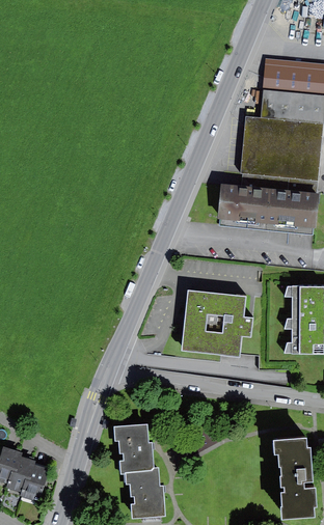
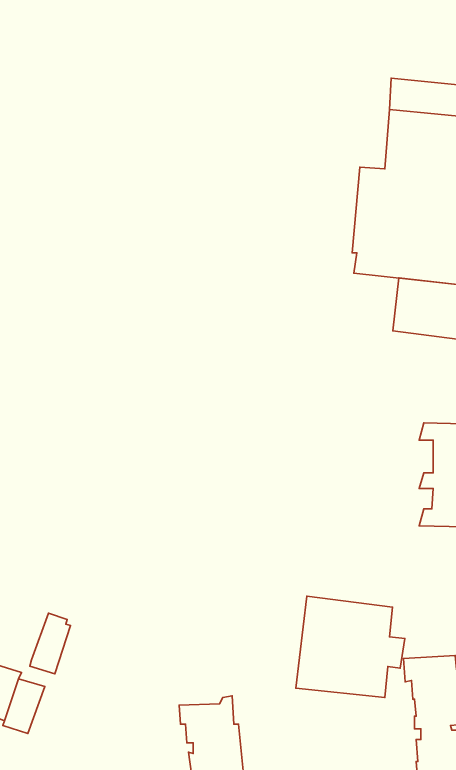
building: [217,184,270,224] -> none
building: [181,291,253,358] -> [296,596,405,698]
building: [113,425,153,474] -> none
building: [22,461,49,501] -> [30,613,70,674]

